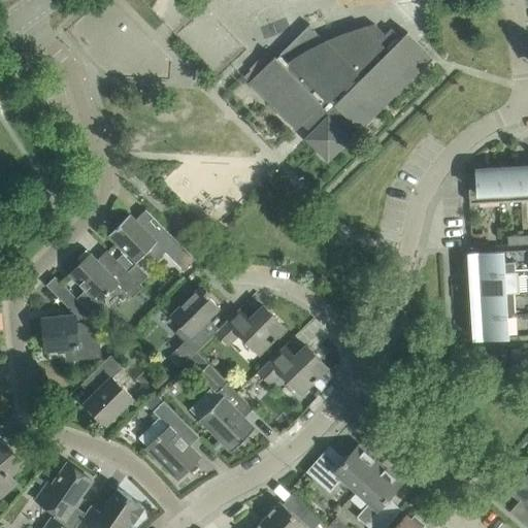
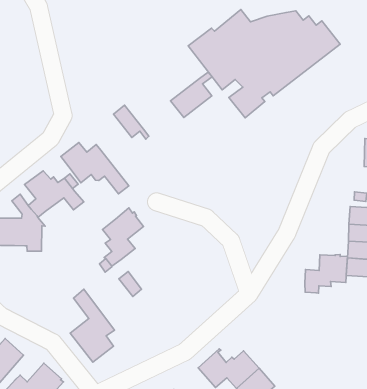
building: none -> [171,72,212,117]
building: none -> [113,105,149,139]
building: [216,306,285,356] -> none
building: none -> [305,255,348,293]
building: [251,346,327,394] -> none
building: [86,357,131,425] -> none
building: [200,398,255,453] -> none

